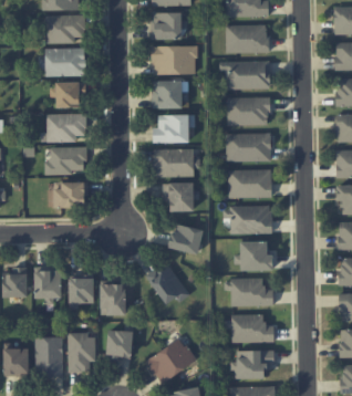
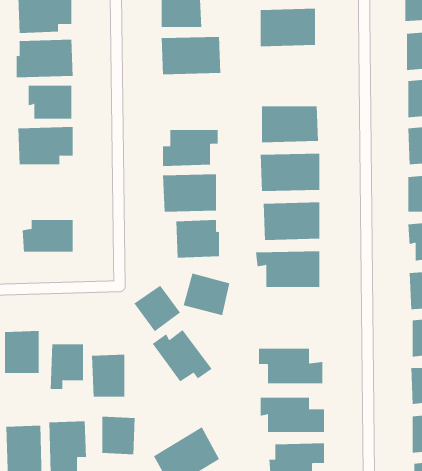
building: [220,61,270,88] -> none
building: [153,80,183,108] -> none
building: [45,147,86,175] -> none
building: none -> [133,285,181,332]
building: [240,241,273,270] -> none

